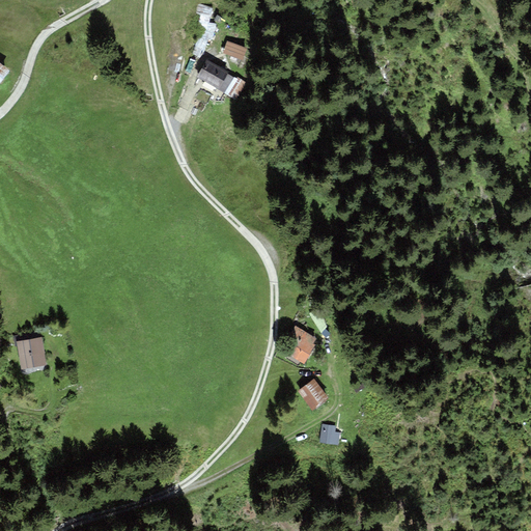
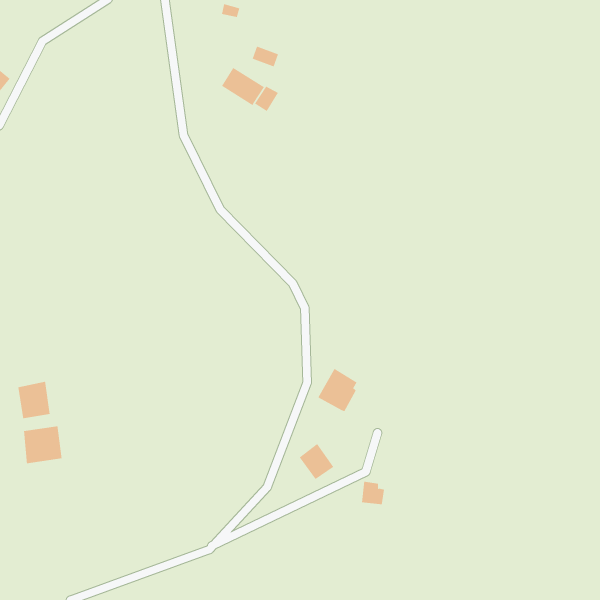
building: none -> [23,425,62,464]
building: [297,378,328,410] -> [299,443,334,480]

